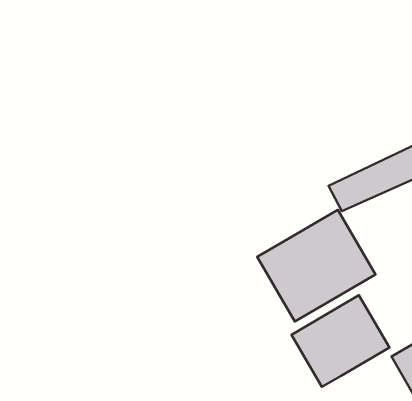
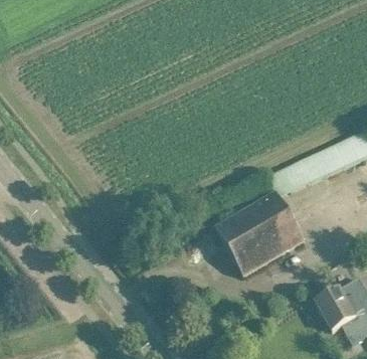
building: [292,295,389,387] -> none

